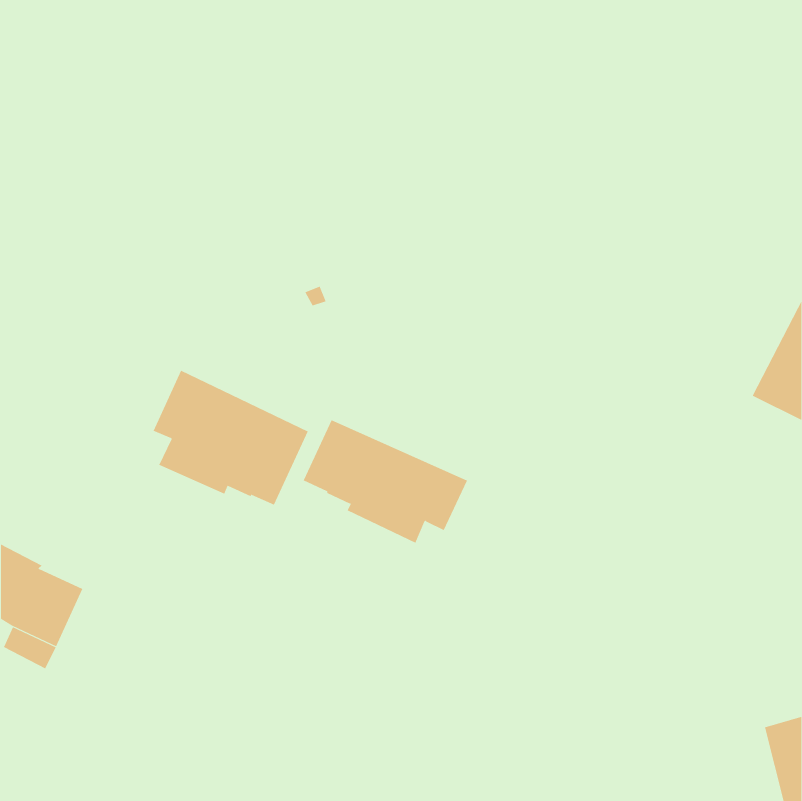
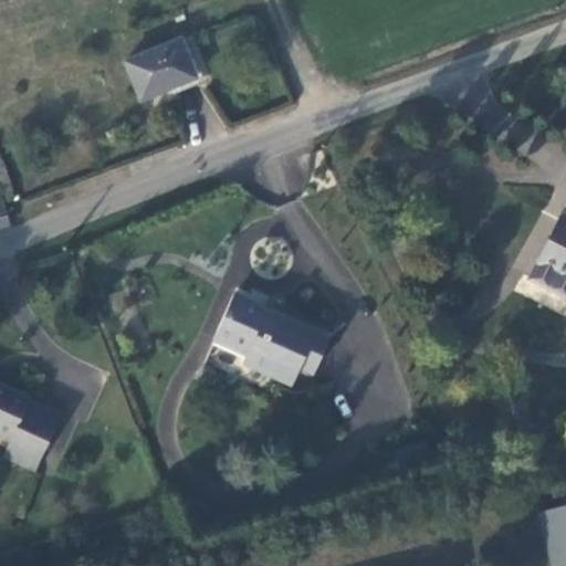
building: none -> [127,40,198,101]
building: [153,370,308,506] -> none

